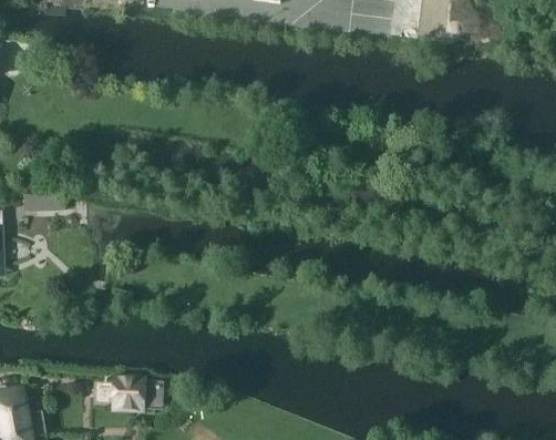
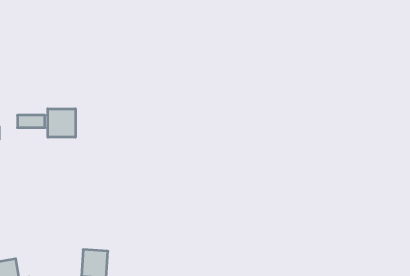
building: none -> [48,109,75,137]

